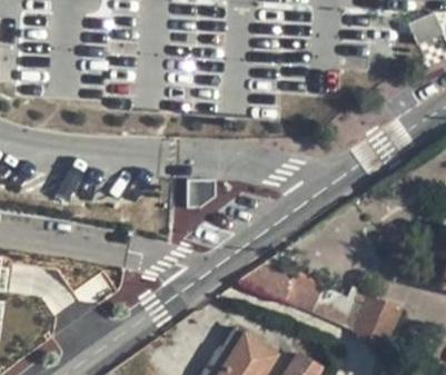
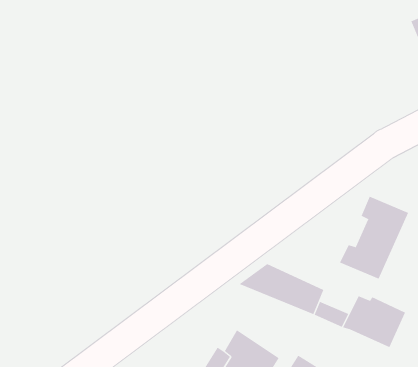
building: none -> [339,196,409,279]

